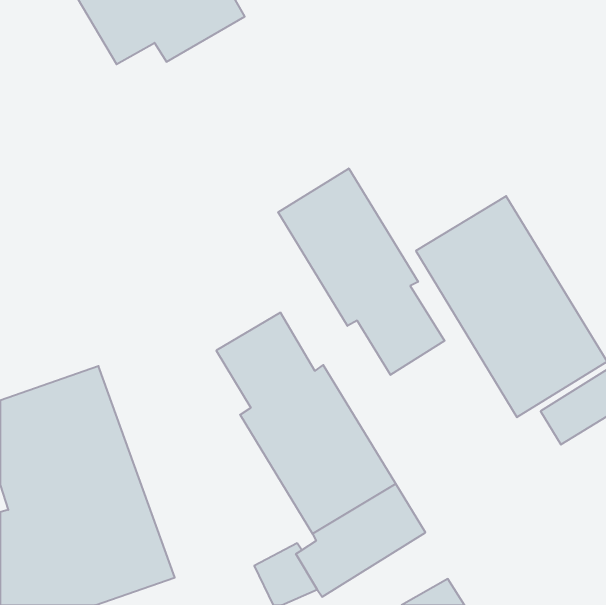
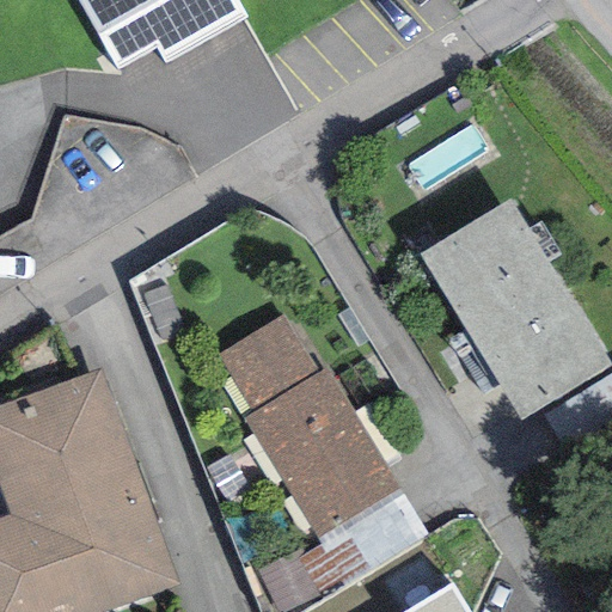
building: [278,168,445,375] -> none

